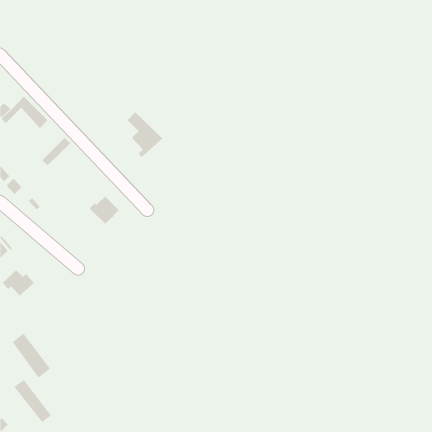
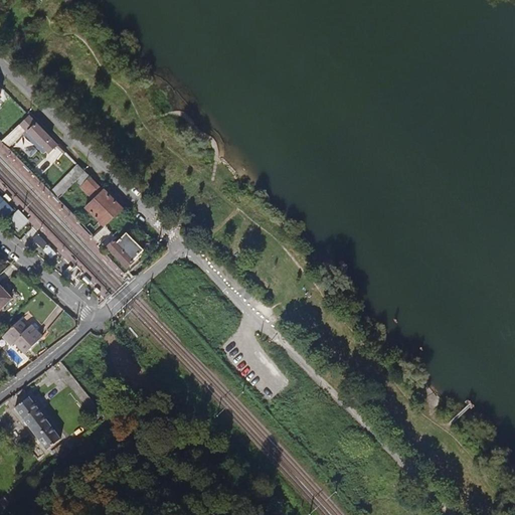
building: [127,112,163,158] -> [79,176,123,231]
building: [13,379,52,423] -> none

